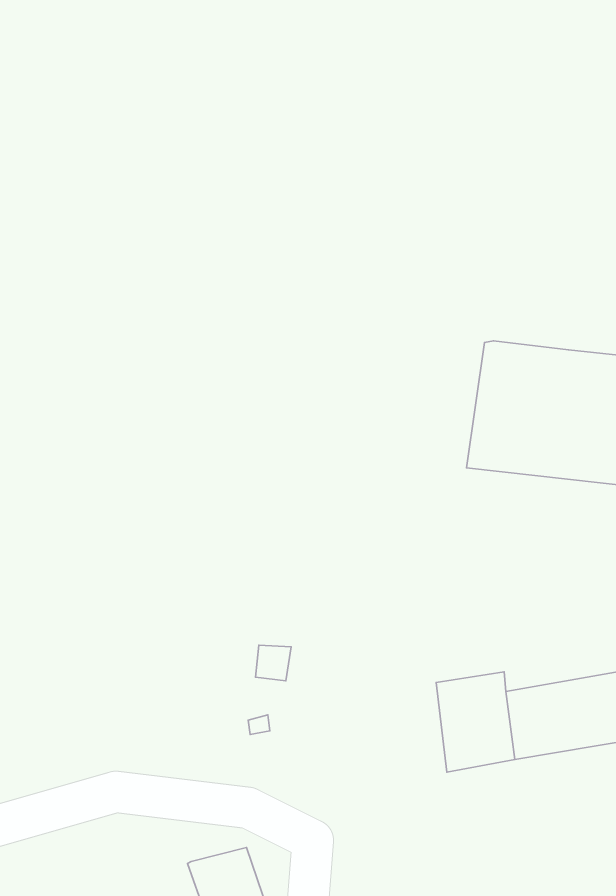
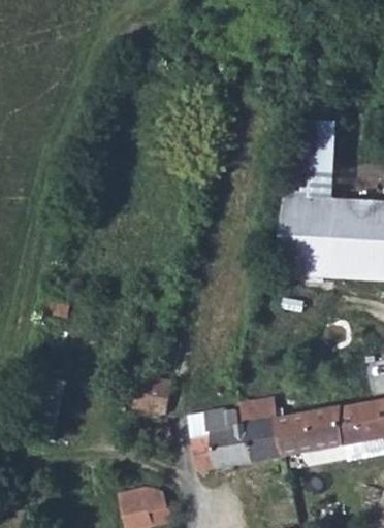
building: none -> [288,136,334,211]
building: none -> [202,400,261,464]

